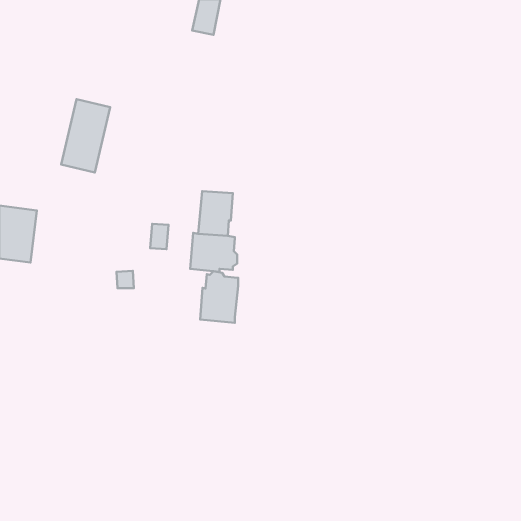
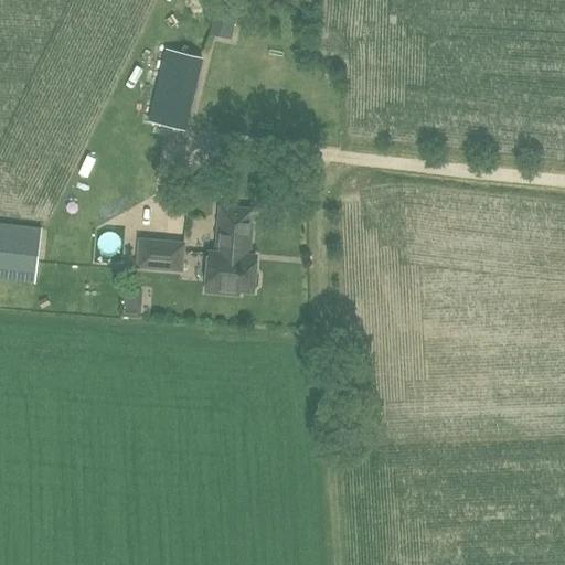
building: [61,99,110,173] -> [147,51,200,130]
building: none -> [136,239,164,268]
building: [200,271,238,323] -> none

